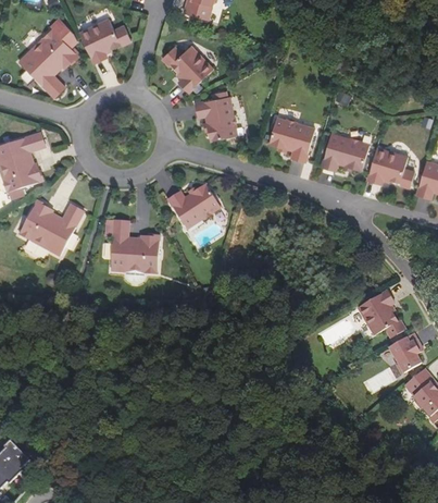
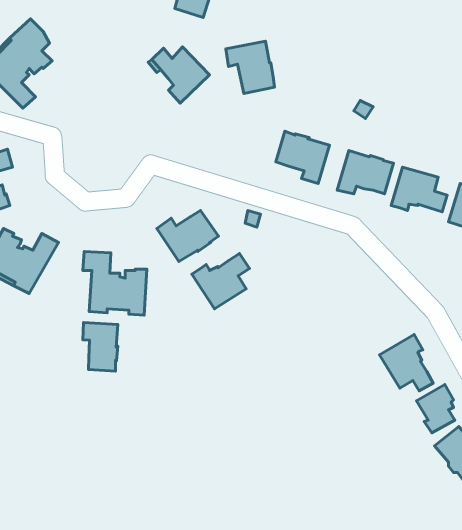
building: [78,19,128,63] -> none
building: [195,96,236,140] -> [226,41,275,93]
building: none -> [192,253,249,309]
building: none -> [83,323,118,371]

